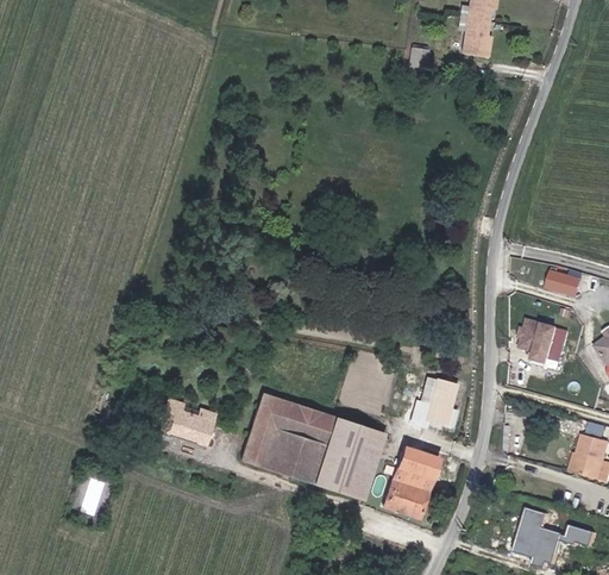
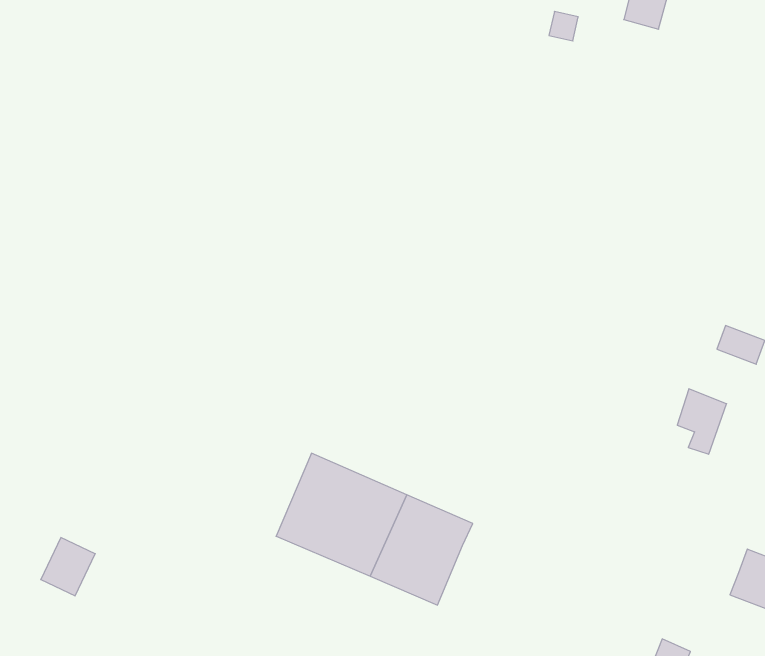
building: [422,387,445,423] -> none
building: [150,394,214,446] -> none
building: [387,445,440,518] -> none

